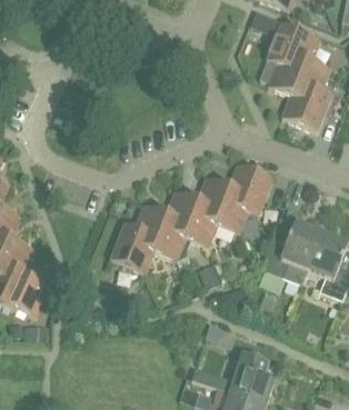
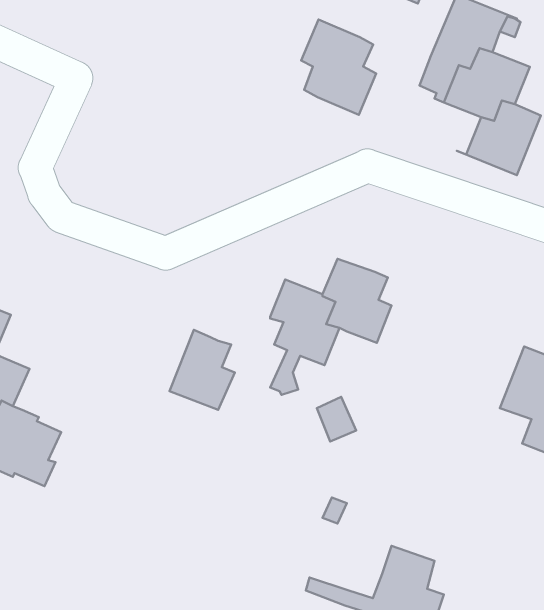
building: none -> [301,20,376,115]
building: [232,164,272,213] -> none
building: [139,204,180,256] -> none
building: [260,220,321,283] -> none

